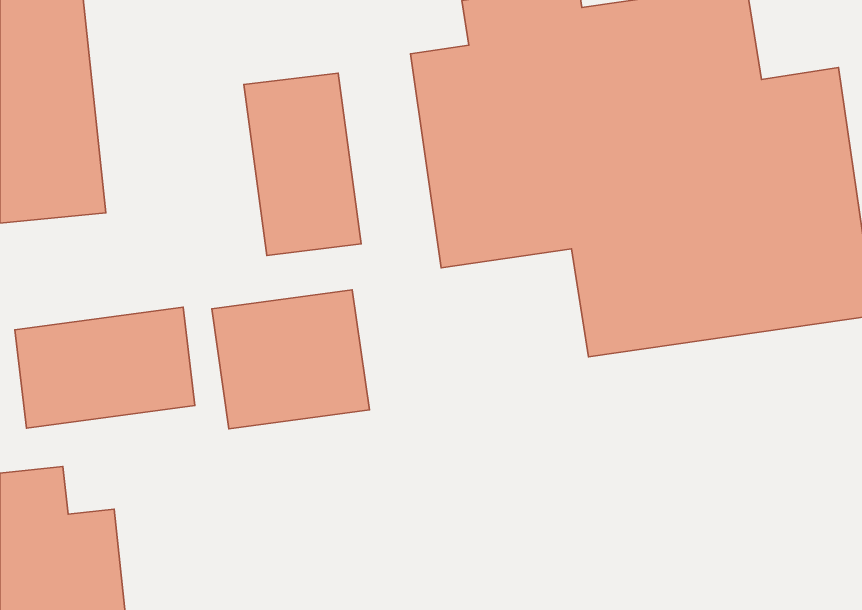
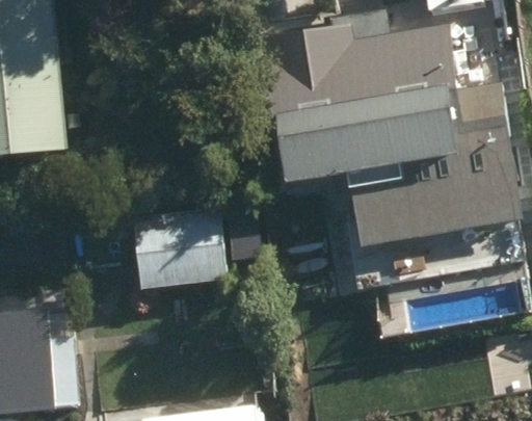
building: [244,73,361,255] -> none
building: [15,307,195,428] -> none

